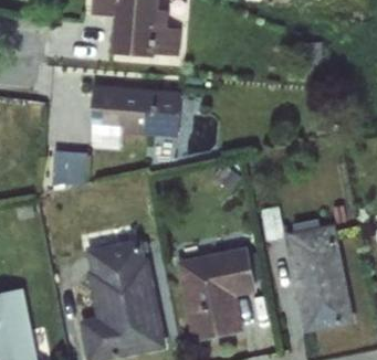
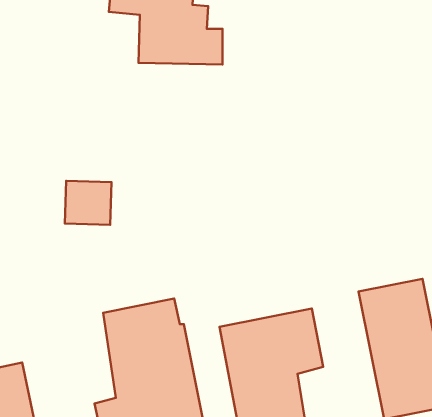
building: [90,85,181,145] -> none

